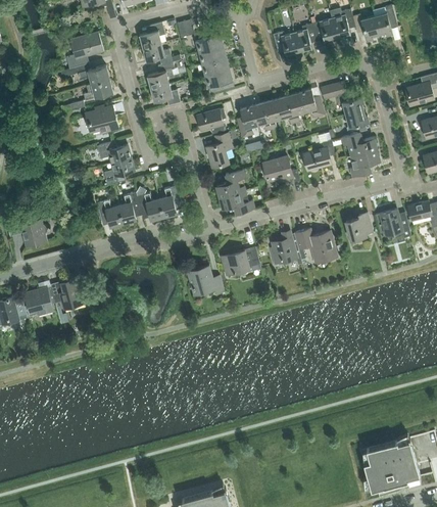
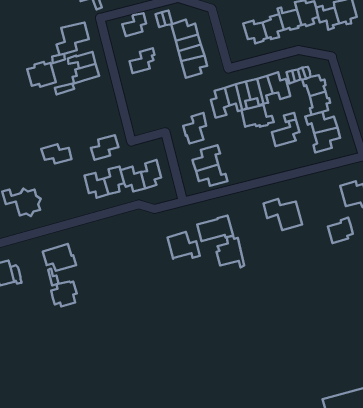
building: [143,43,173,64] -> none
building: [150,84,181,105] -> none
building: [87,104,118,132] -> [27,62,56,87]
building: [197,107,226,133] -> none
building: [97,141,131,163] -> [41,144,71,164]
building: [263,156,299,181] -> [241,105,274,127]
building: [345,212,373,240] -> [328,217,353,243]
building: [272,231,302,266] -> [217,236,244,267]
building: [27,287,55,315] -> [51,281,77,306]

